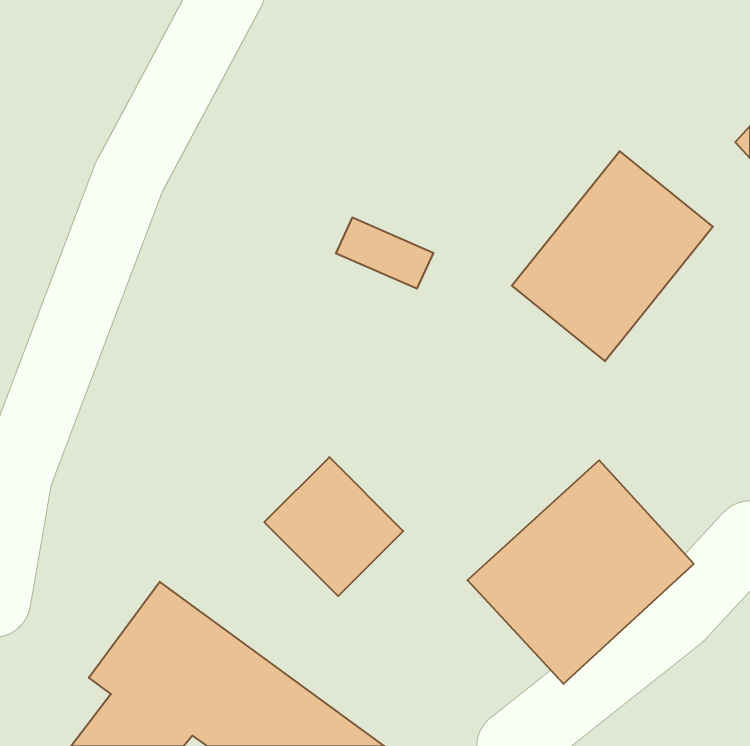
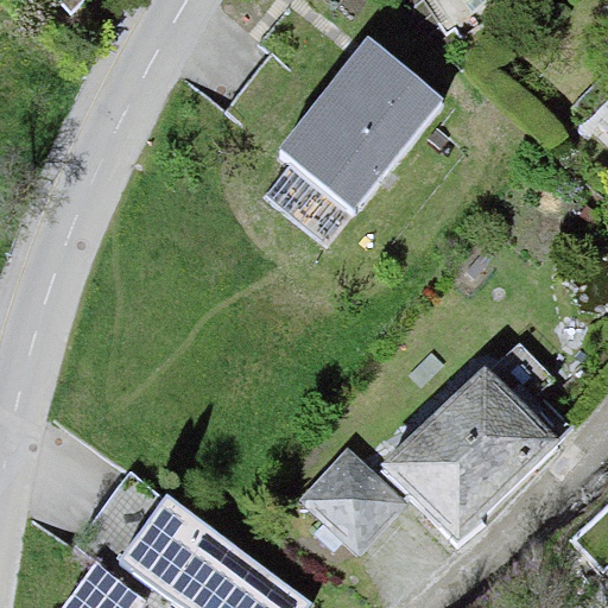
building: [512,151,713,361] -> [293,48,455,216]
building: [264,457,403,596] -> [291,450,403,562]

